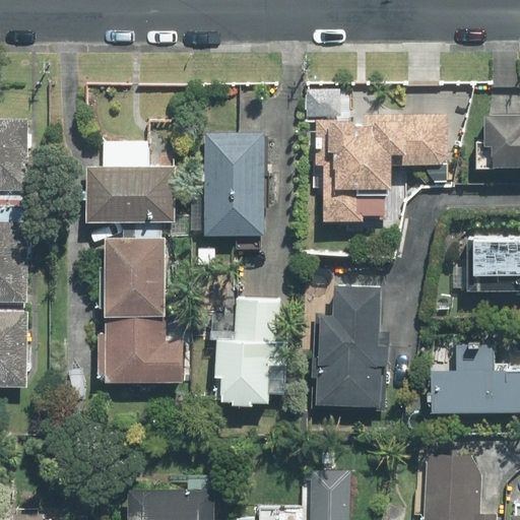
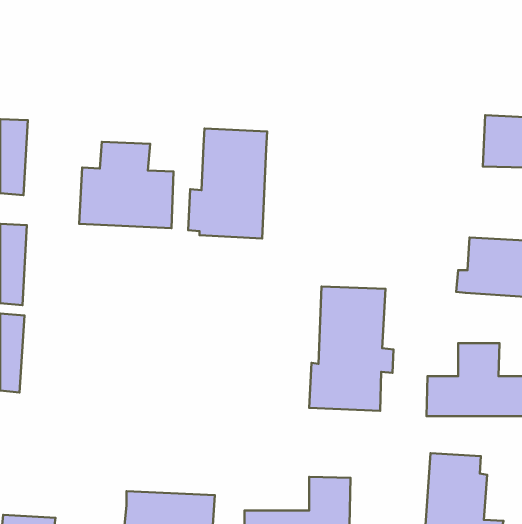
building: [312,115,448,222] -> none
building: [99,239,184,389] -> none
building: [212,300,286,406] -> none

